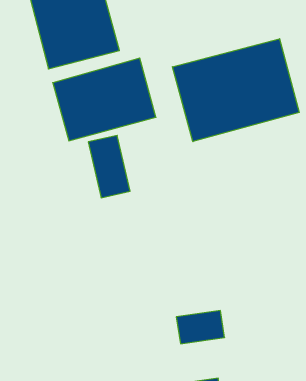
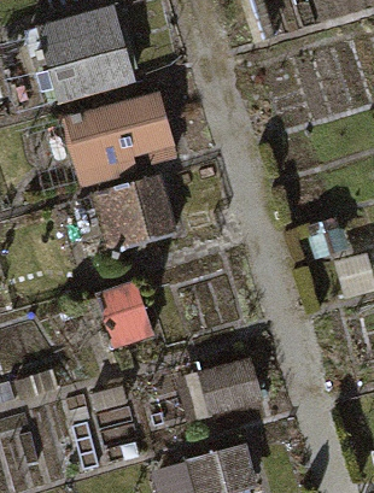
building: [172,39,299,142] -> none

